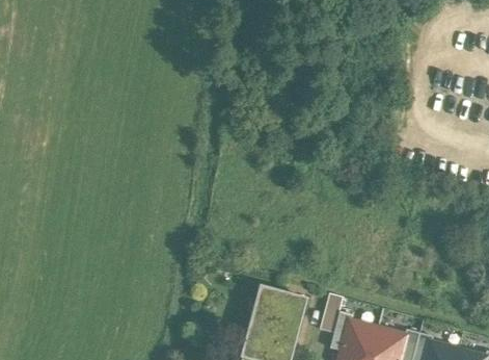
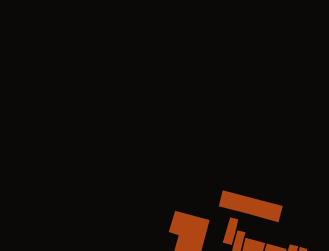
building: none -> [218,190,283,223]

